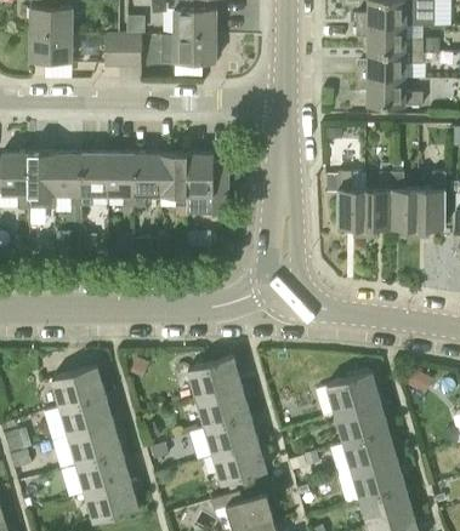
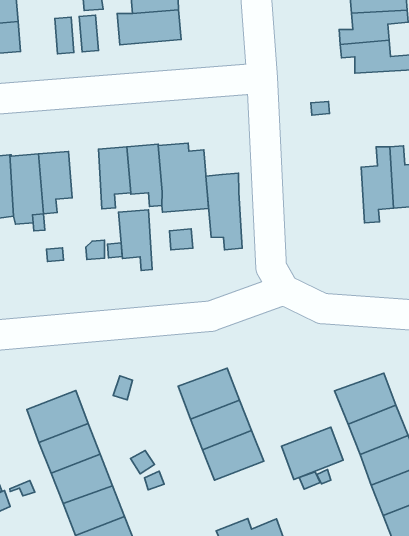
building: [107,153,134,206] -> [119,210,152,271]
building: [337,171,367,238] -> [206,173,242,250]
building: [212,441,266,485] -> [282,427,343,479]

